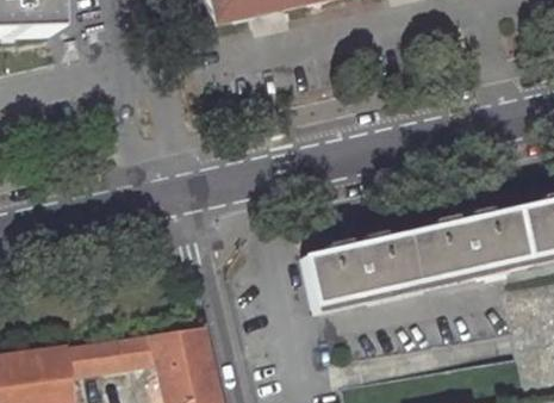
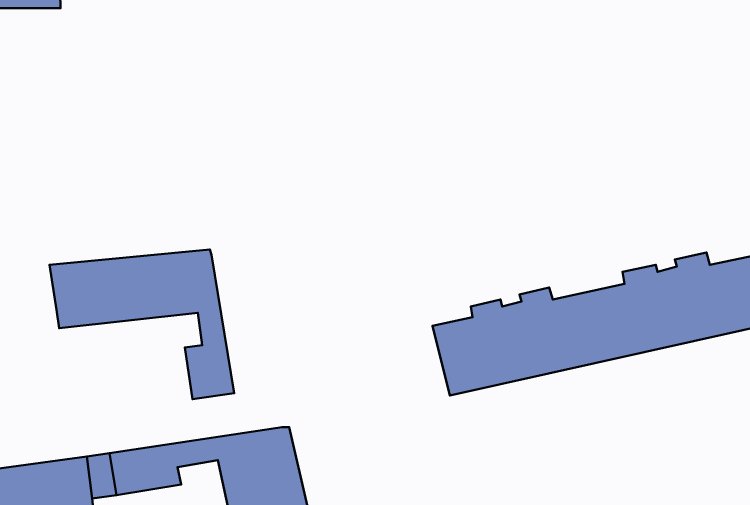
building: none -> [49,249,234,399]

